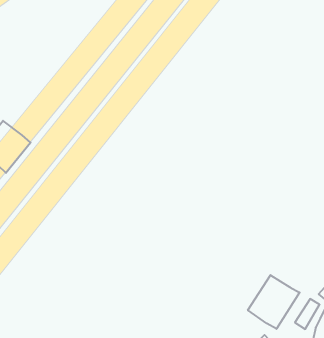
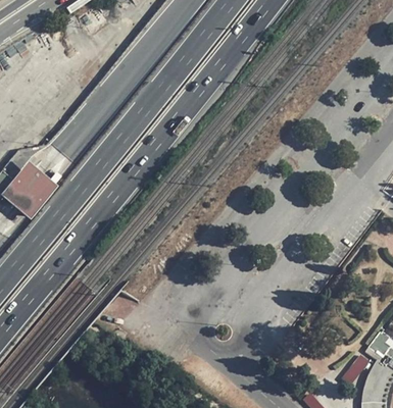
building: [248,275,300,329] -> none

